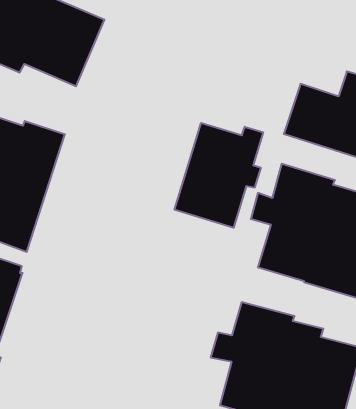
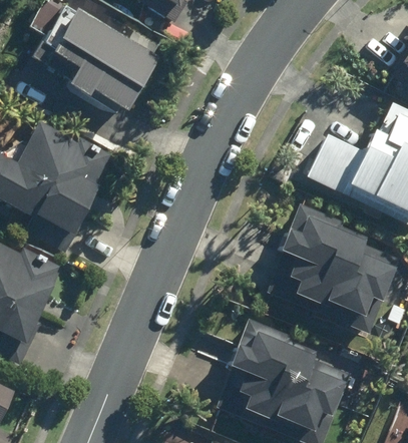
building: [175,123,263,228] -> none

